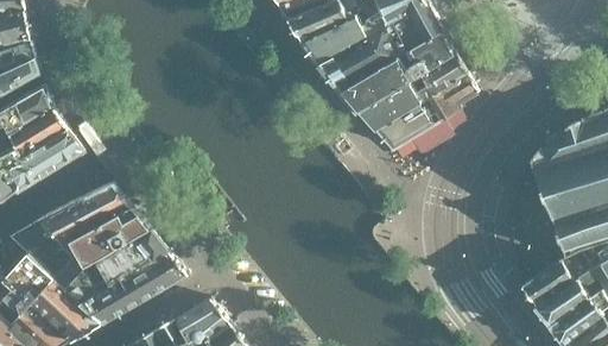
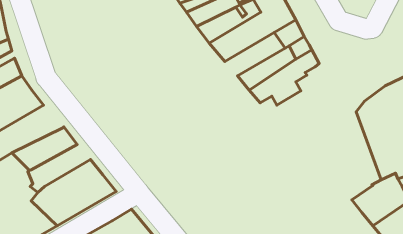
building: [342,50,428,112] -> none
building: [66,208,151,269] -> none

